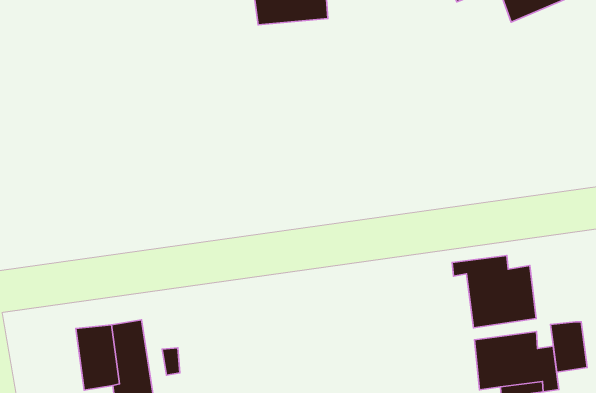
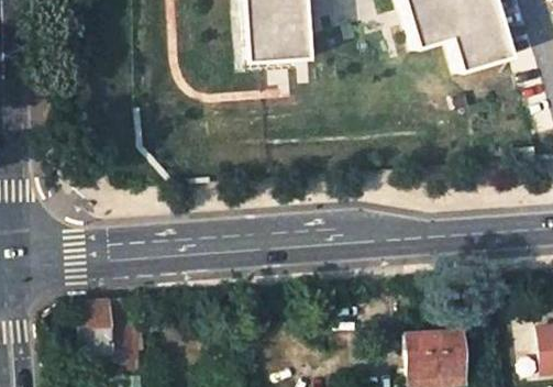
building: [452,255,536,328] -> none
building: [550,322,587,372] -> none

